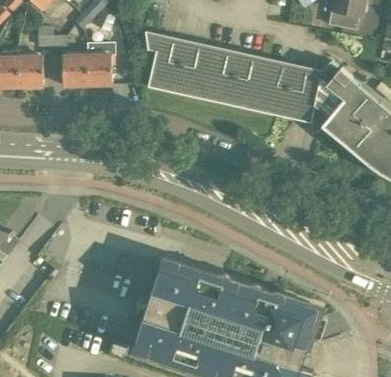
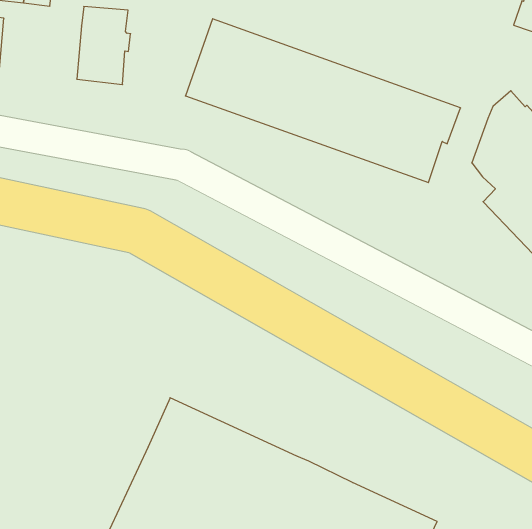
building: [62,54,87,85] -> none
building: [291,74,329,125] -> none

